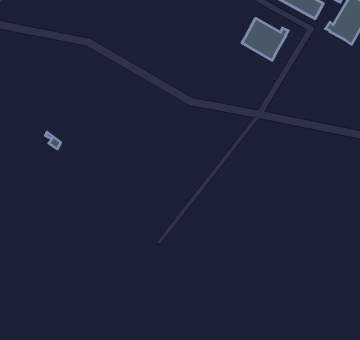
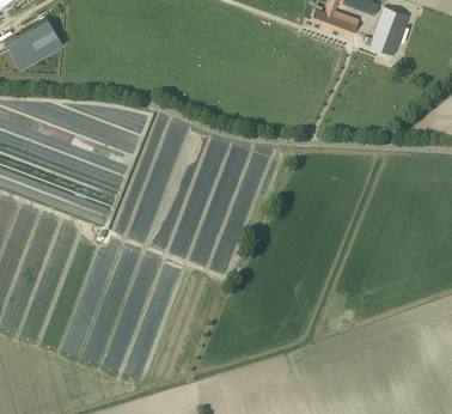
building: [242,18,288,60] -> none

